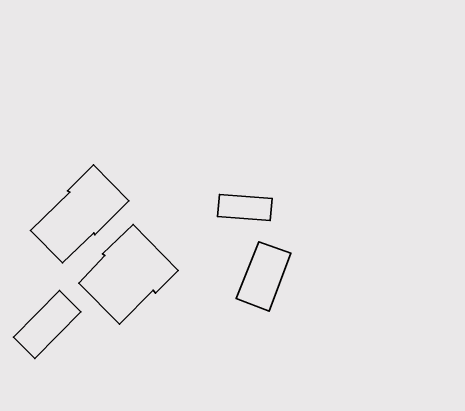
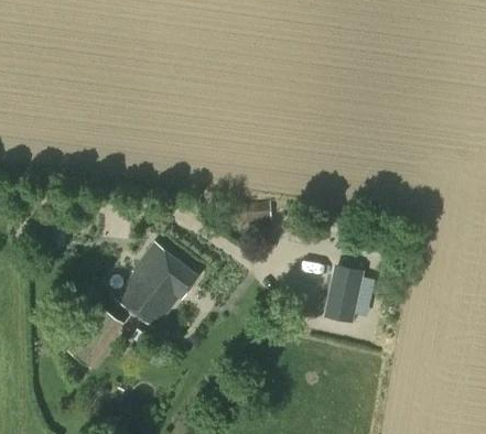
building: [31,165,129,263] -> none
building: [236,242,291,311] -> [323,265,364,323]

